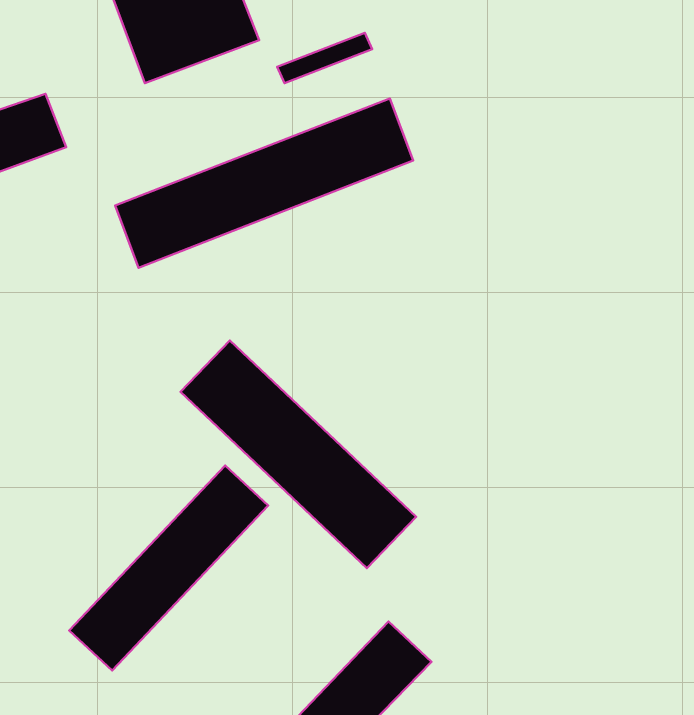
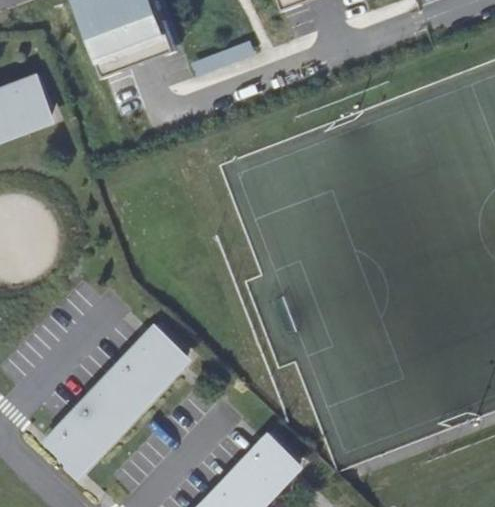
building: [115,99,413,268] -> none
building: [181,341,416,568] -> none

